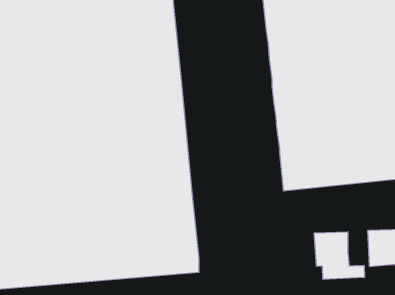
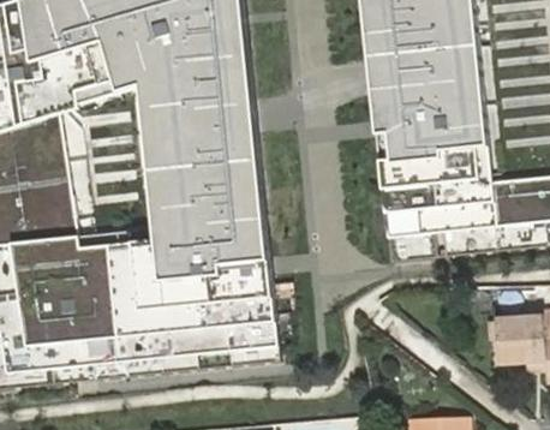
building: [314,232,364,279] -> none

